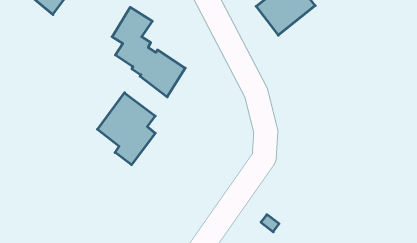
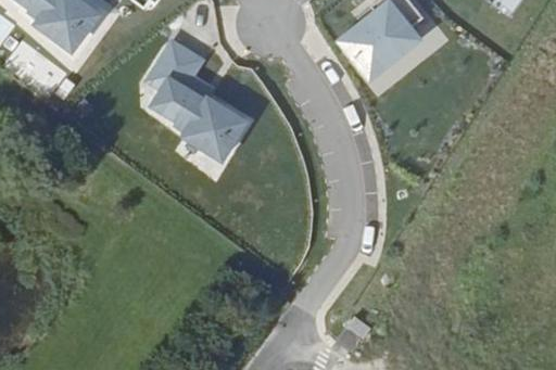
building: [97,93,155,165] -> none

